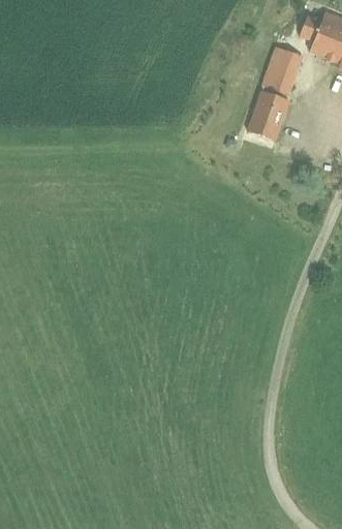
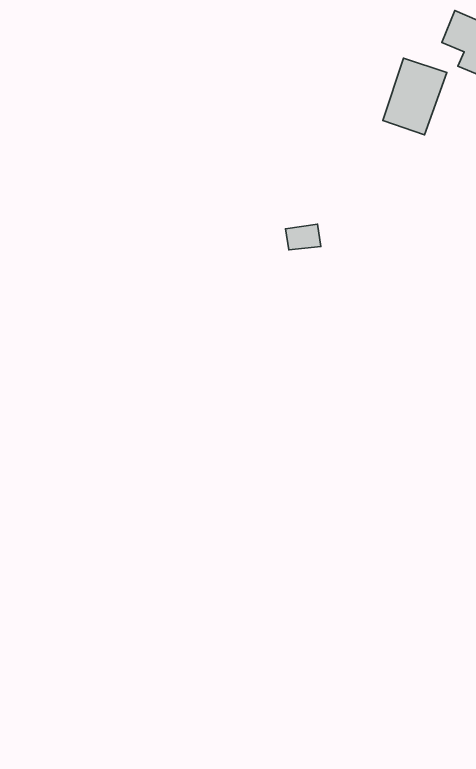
building: [248,92,286,139] -> none

